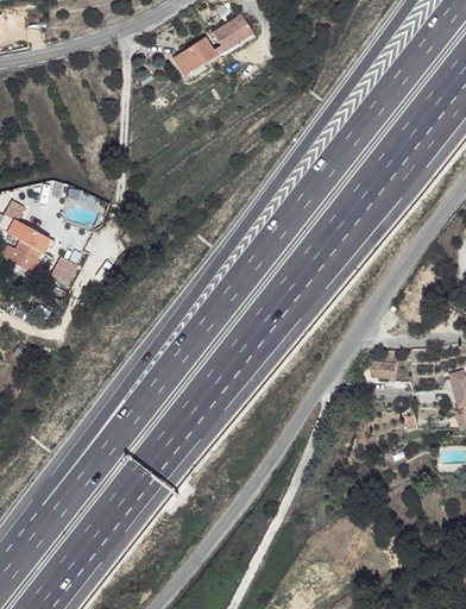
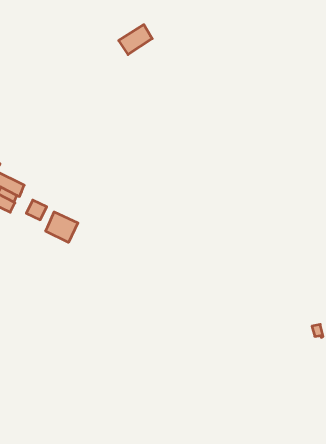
building: [212,13,252,50] -> none
building: none -> [46,212,78,242]

